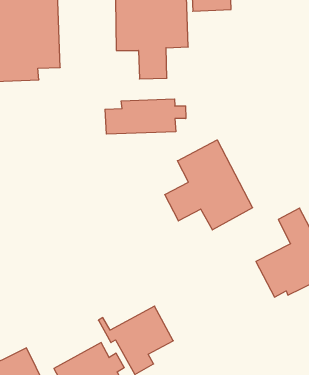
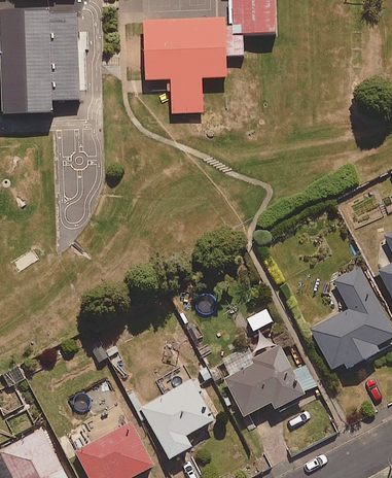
building: [105,99,186,134] -> none
building: [165,140,253,230] -> none
building: none -> [223,343,315,414]

